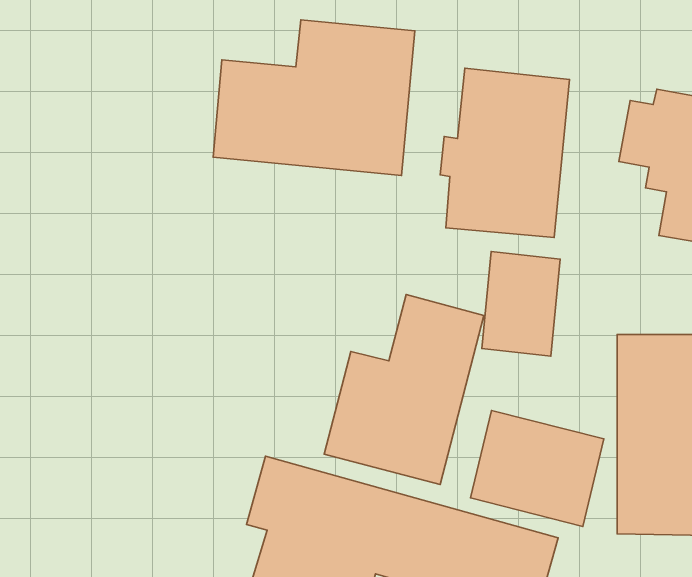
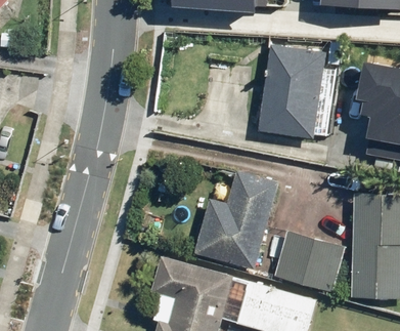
building: [213,20,415,175] -> none
building: [482,252,560,356] -> none

